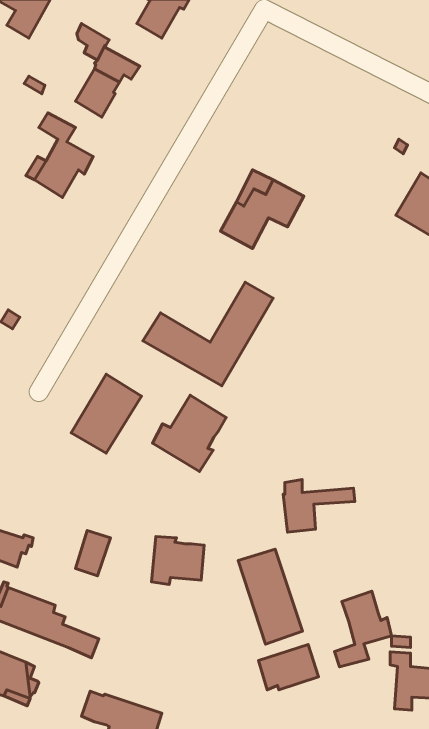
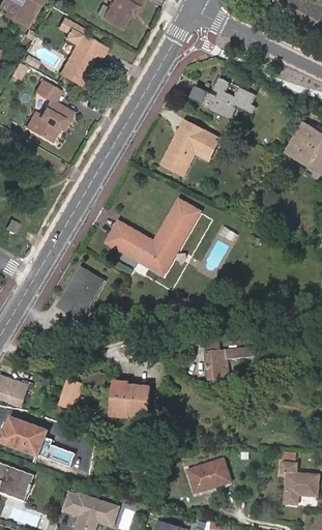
building: none -> [188,79,255,120]
building: [153,395,226,471] -> none
building: [238,549,303,644] -> none
building: [334,591,392,667] -> none

